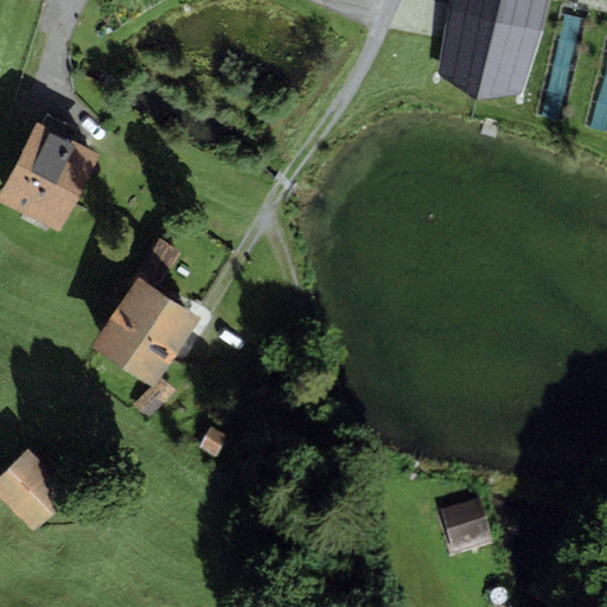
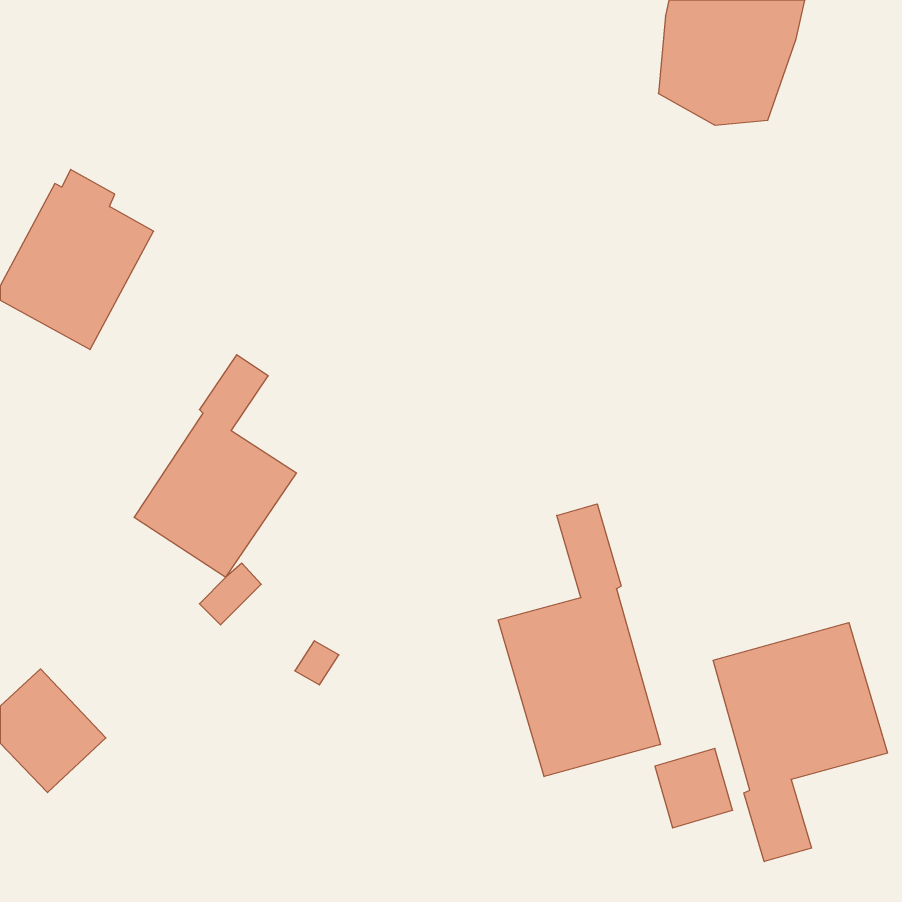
building: none -> [498,504,660,777]
building: none -> [713,623,888,862]

